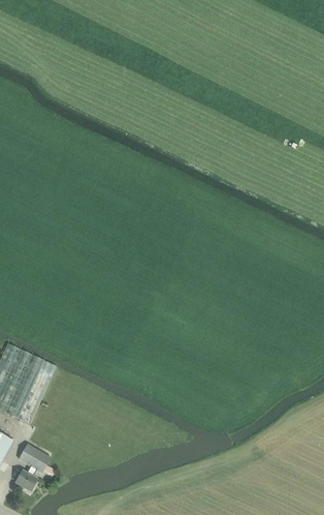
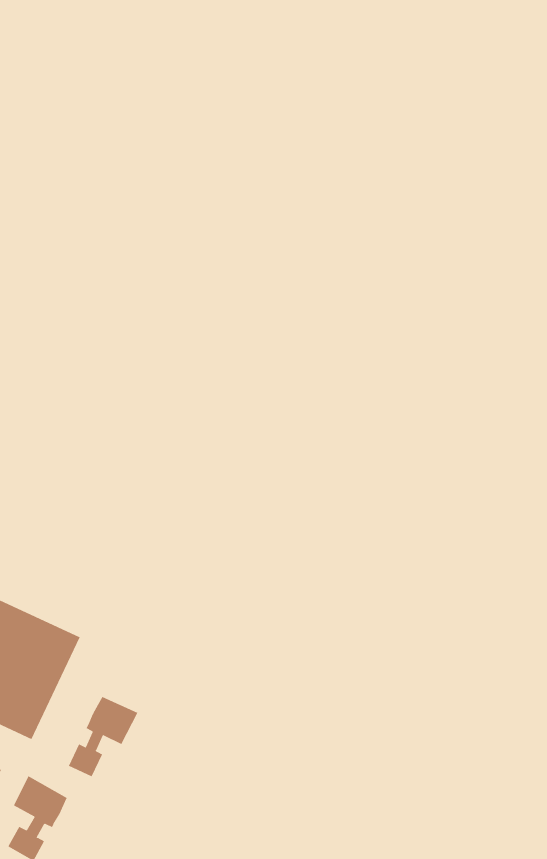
building: none -> [68,696,138,777]

